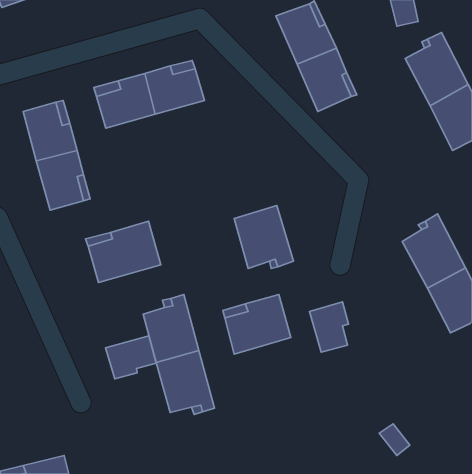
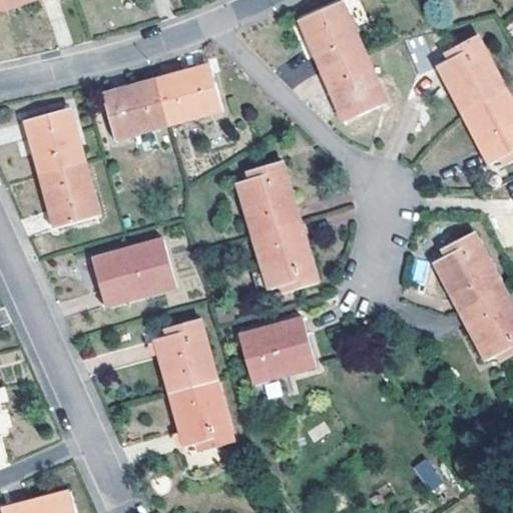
building: none -> [236,160,299,235]
building: [310,302,348,352] -> none
building: [105,336,156,379] -> none

